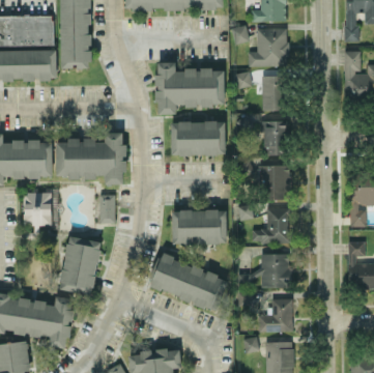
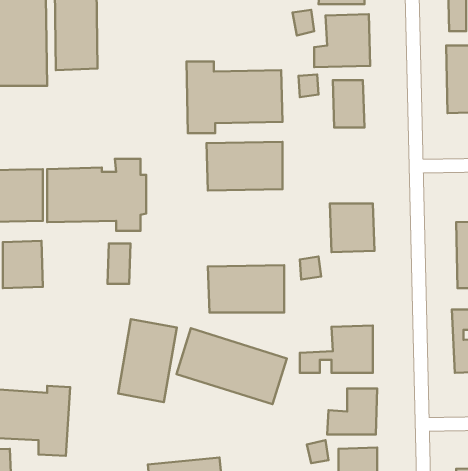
building: [261,120,287,155] -> none
building: [252,207,289,242] -> none
building: [58,235,100,295] -> [118,319,177,402]

